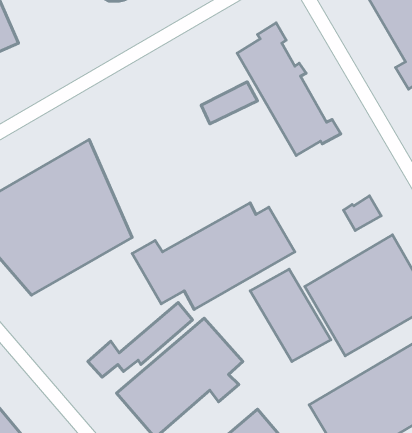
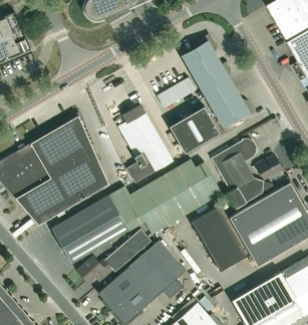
building: none -> [111,91,173,184]
building: none -> [169,105,219,152]
building: none -> [211,139,264,209]
building: none -> [51,195,128,263]

